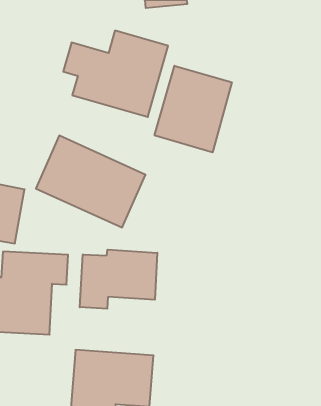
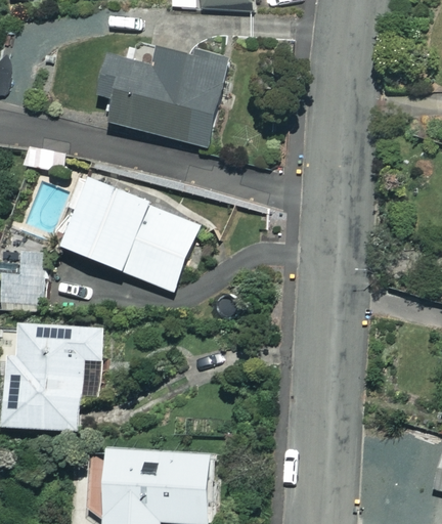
building: [155,66,232,152] -> none
building: [80,250,157,309] -> none

